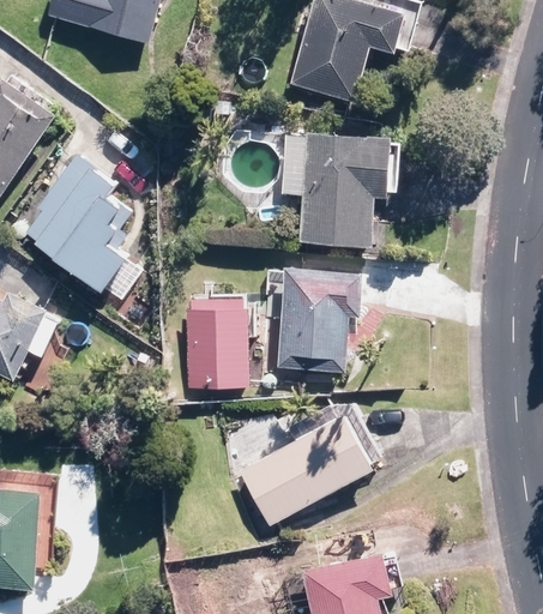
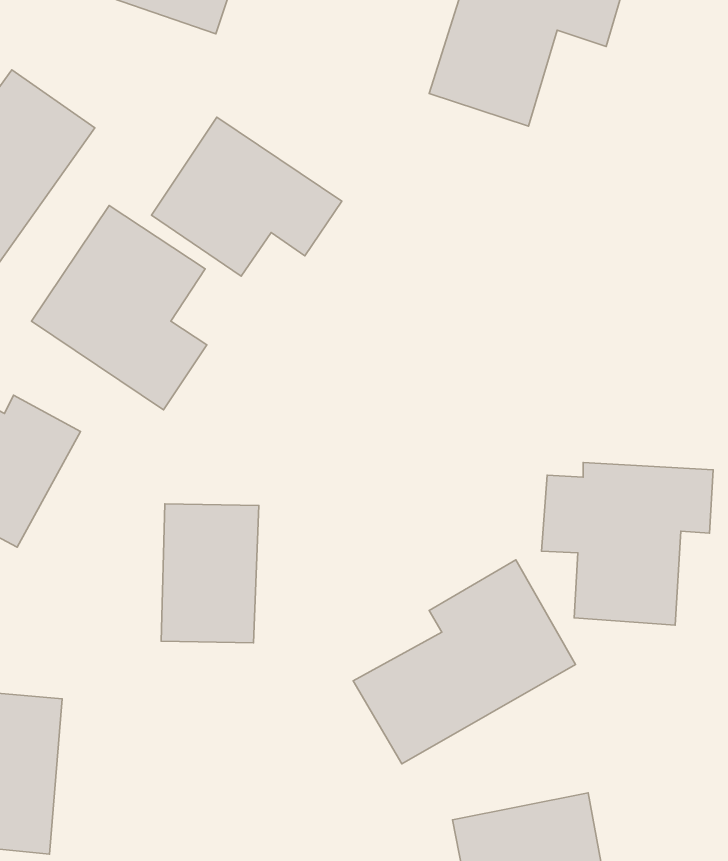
building: none -> [151,117,342,276]
building: [279,126,397,246] -> none
building: [255,265,369,373] -> [542,463,713,625]
building: [182,299,247,391] -> [161,504,259,643]

